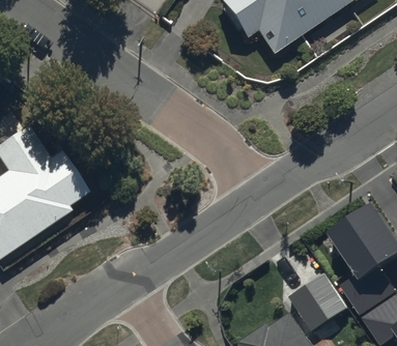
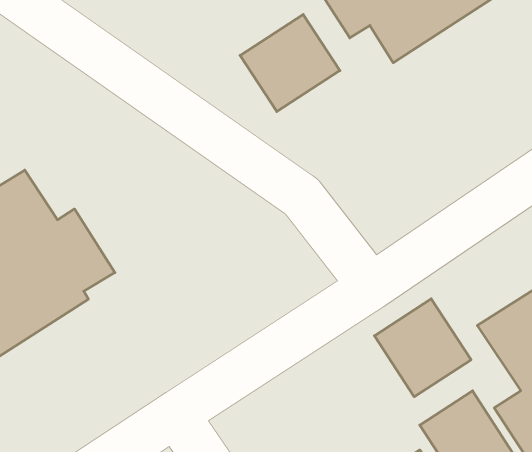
building: none -> [240,14,340,112]
building: none -> [374,299,471,397]

